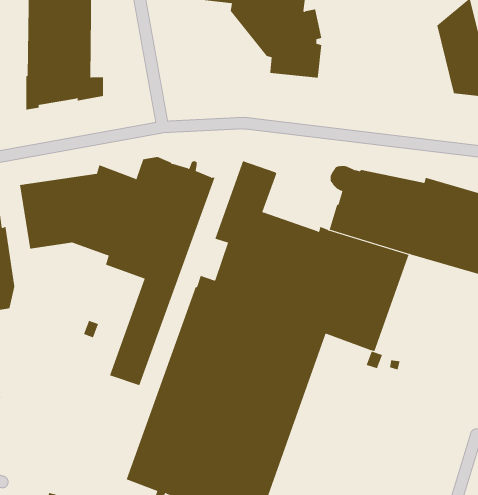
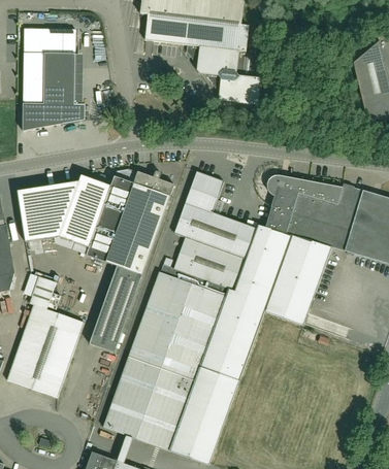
building: none -> [6,276,84,397]

